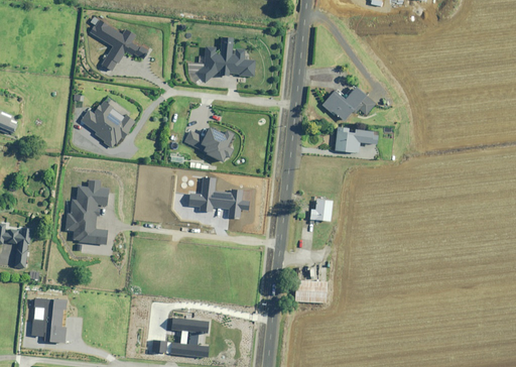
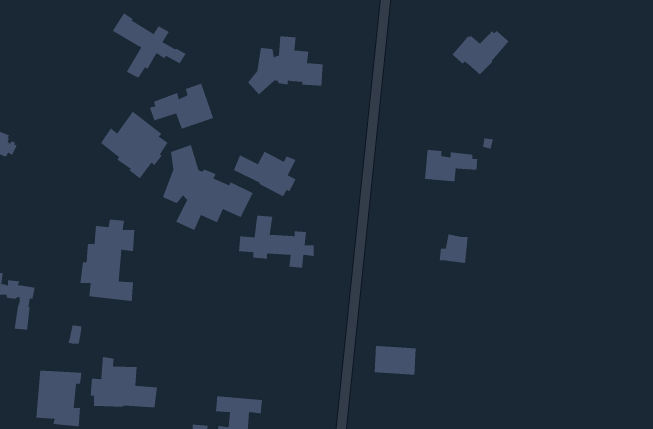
building: none -> [149,83,214,130]
building: [321,85,367,120] -> [451,30,510,75]
building: none -> [162,144,253,231]
building: [309,198,333,221] -> [439,234,468,263]
building: none -> [90,356,158,408]

